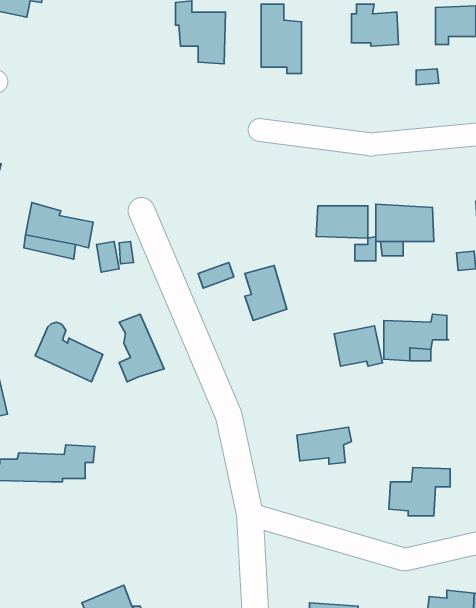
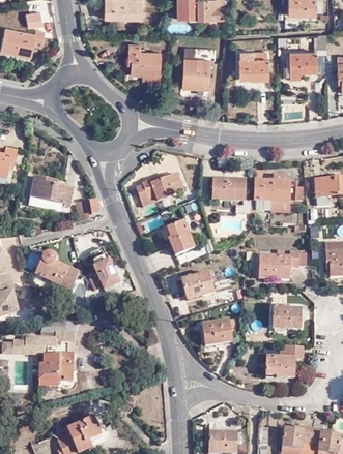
building: none -> [144,170,189,200]
building: [334,326,383,366] -> [185,268,217,294]
building: none -> [268,302,299,327]
building: none -> [39,357,76,386]

